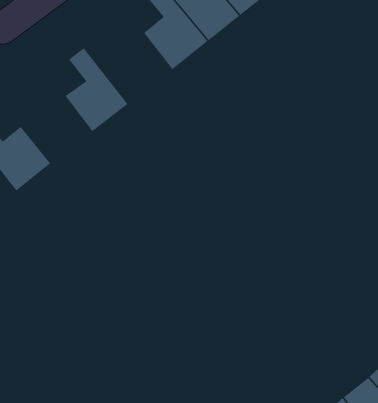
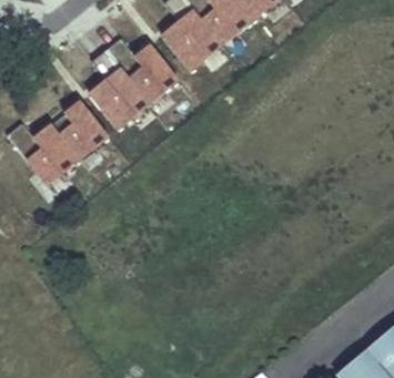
building: none -> [108,38,179,101]
building: none -> [50,98,107,155]

